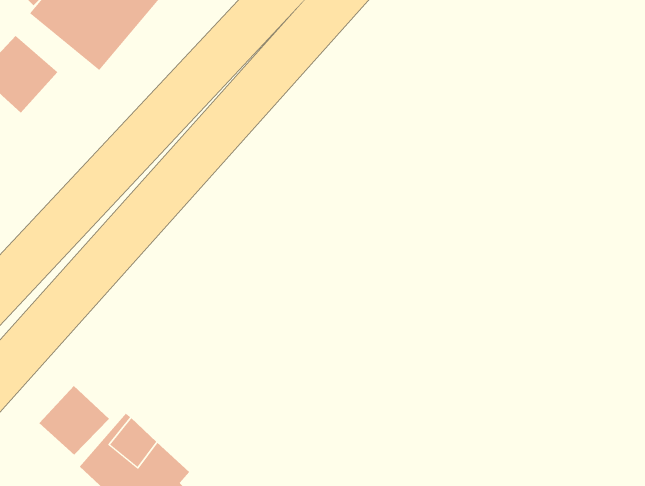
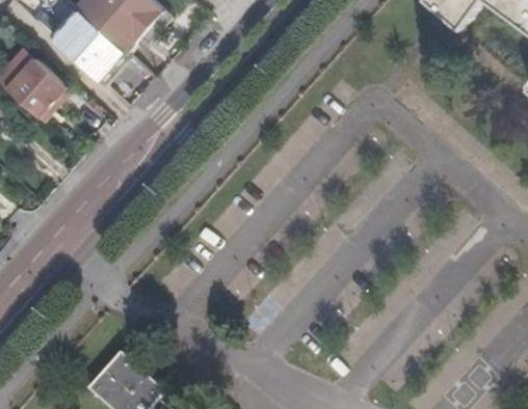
building: [38,385,110,455] -> none

